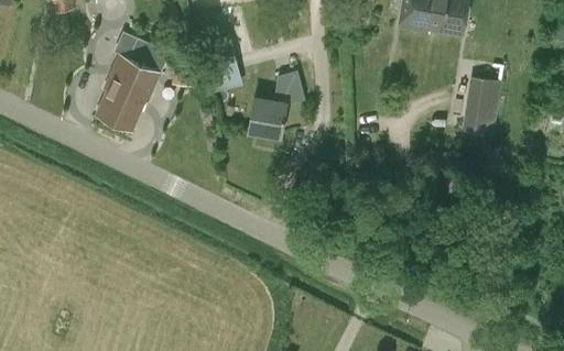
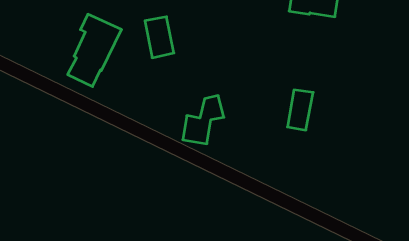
building: [248,72,304,138] -> [183,96,224,144]
building: [466,79,501,134] -> [287,90,313,130]

